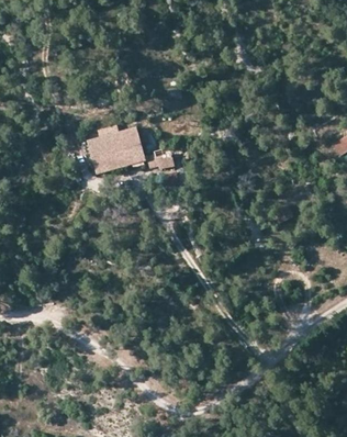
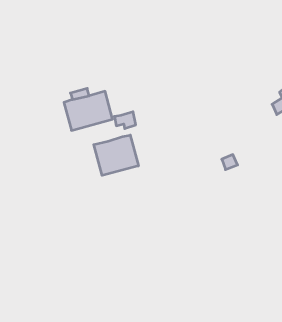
building: none -> [94,135,138,175]

